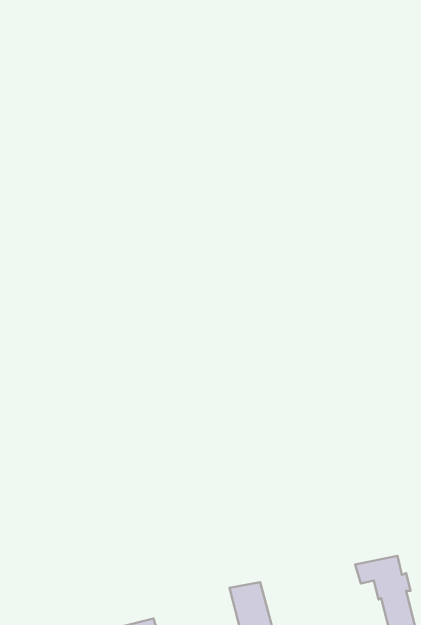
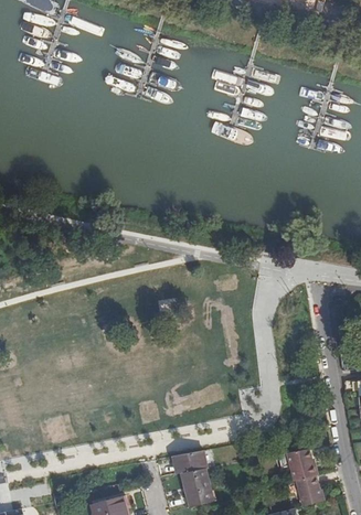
building: none -> [173,451,206,472]

